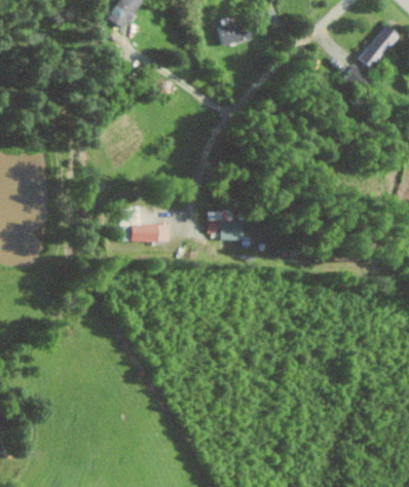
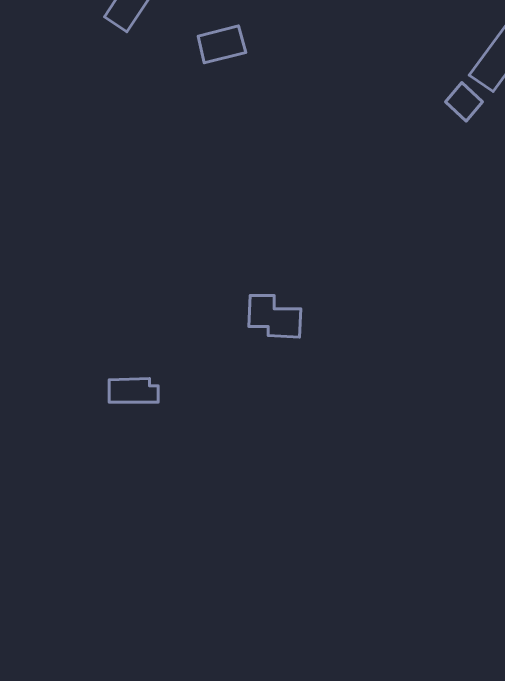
building: [217,18,250,44] -> [198,26,246,63]
building: [131,222,164,238] -> [109,378,158,402]

